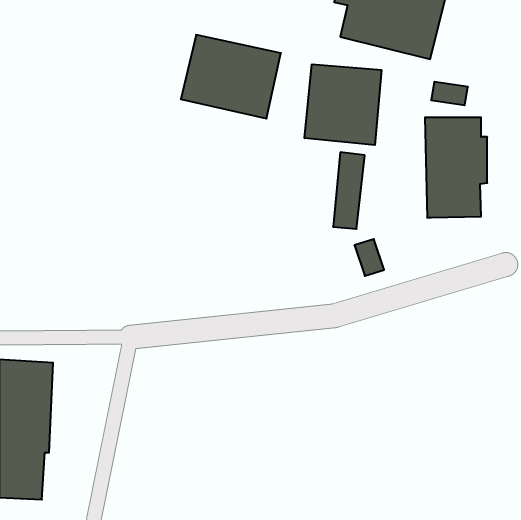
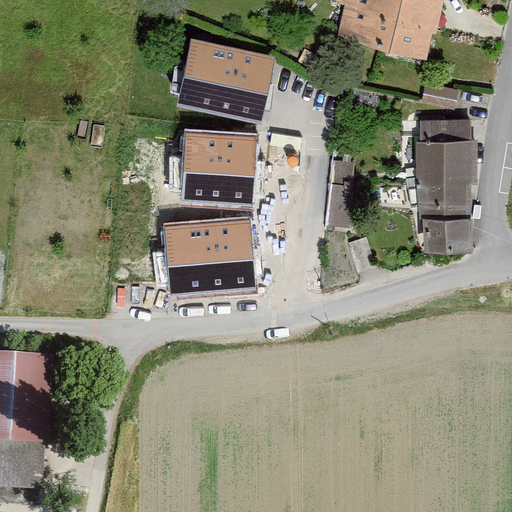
building: [305,64,381,145] -> none
building: none -> [181,134,253,200]
building: none -> [422,212,472,247]
building: none -> [167,222,252,290]

